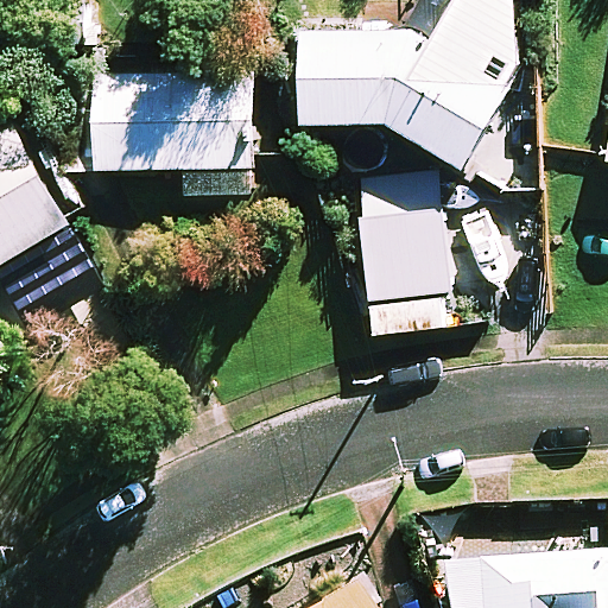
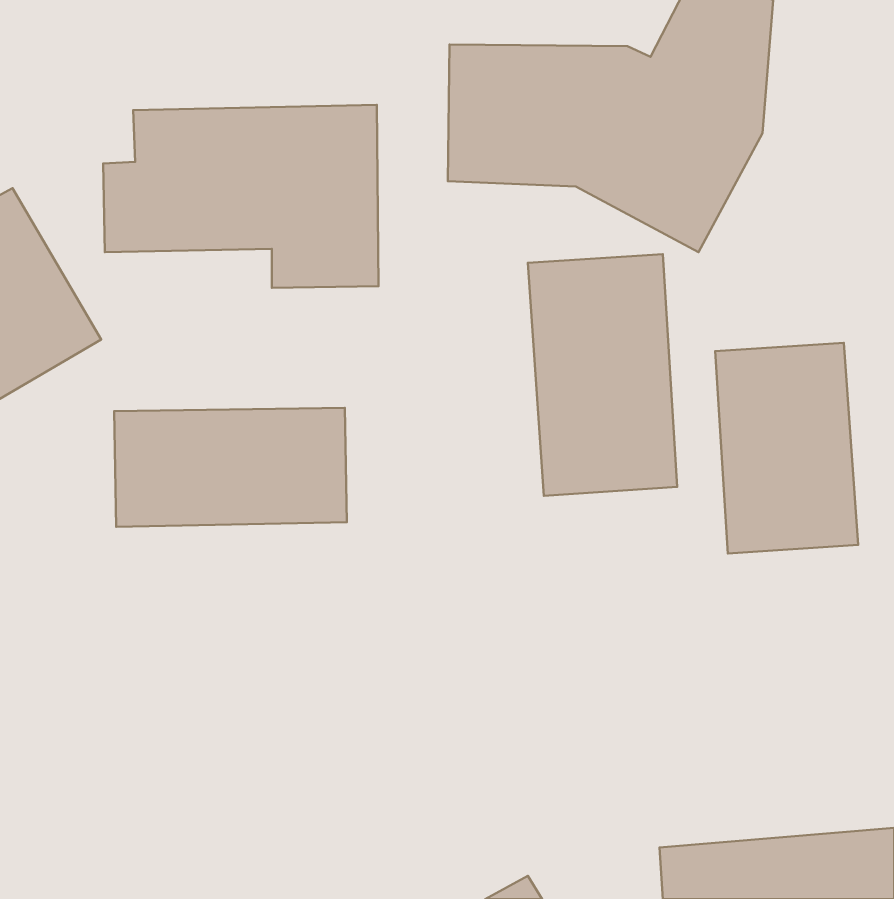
building: none -> [715,343,858,553]
building: none -> [114,408,347,527]

